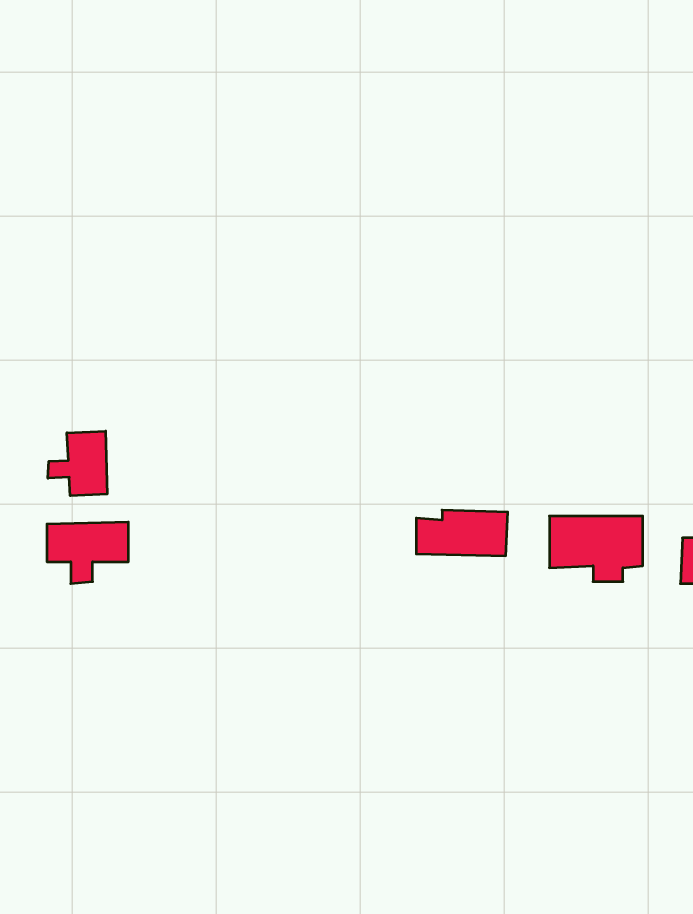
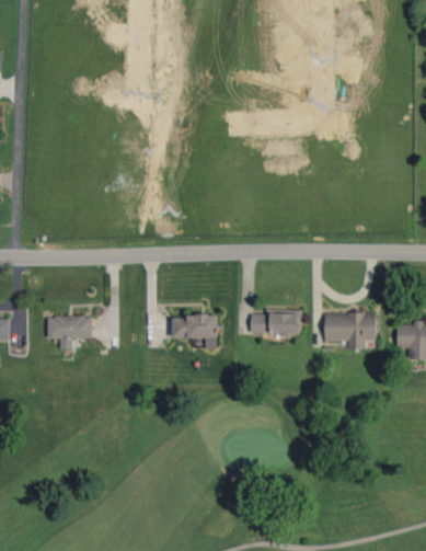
building: [48,431,107,496] -> none
building: none -> [171,314,218,348]

